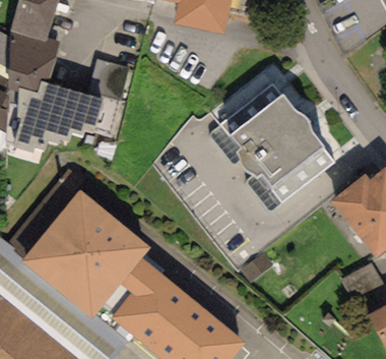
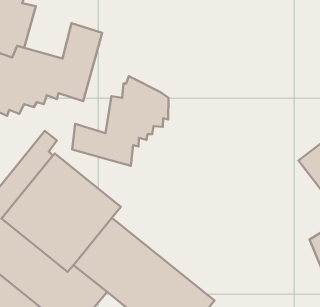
building: [219,85,333,203] -> none
building: none -> [72,76,169,166]

